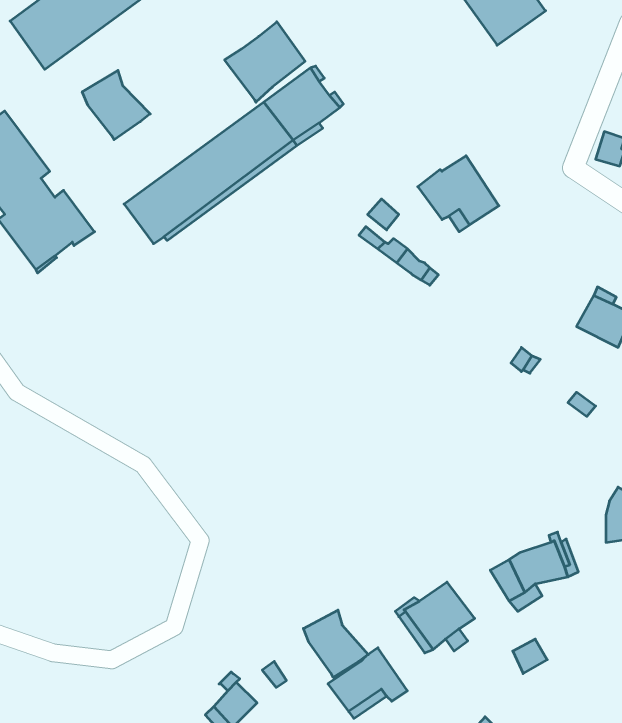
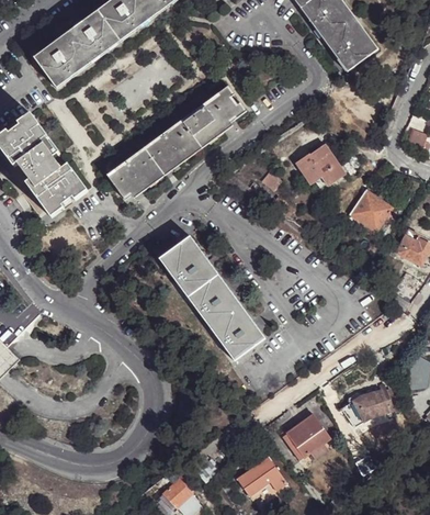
building: [225,22,305,102] -> none
building: [82,70,150,140] -> none
building: none -> [348,187,393,231]
building: none -> [155,236,262,360]
building: [303,610,368,677] -> none

